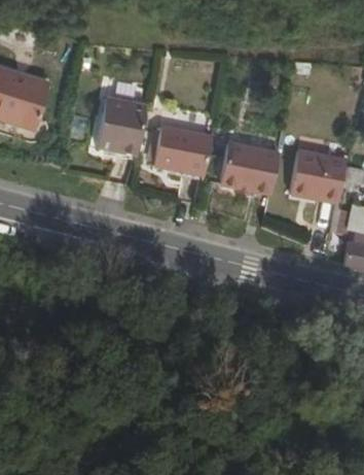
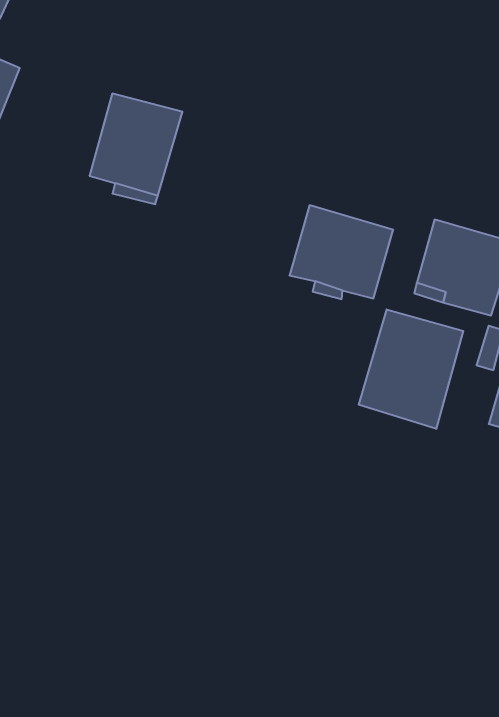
building: [154,127,212,171] -> none
building: none -> [359,309,463,429]

